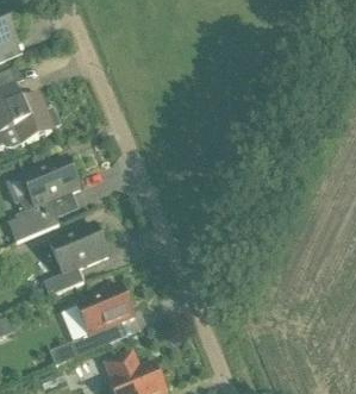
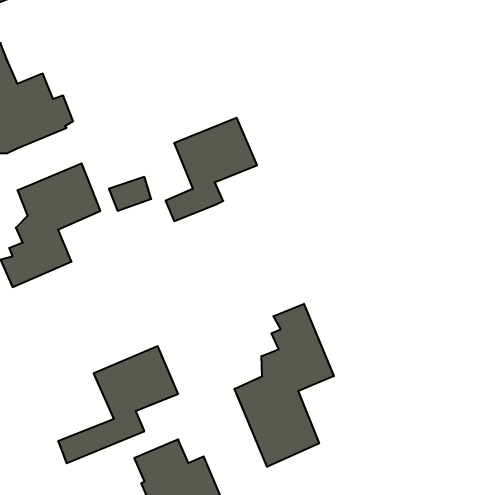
building: [44,223,108,295] -> [166,118,257,221]
building: none -> [234,304,334,467]

